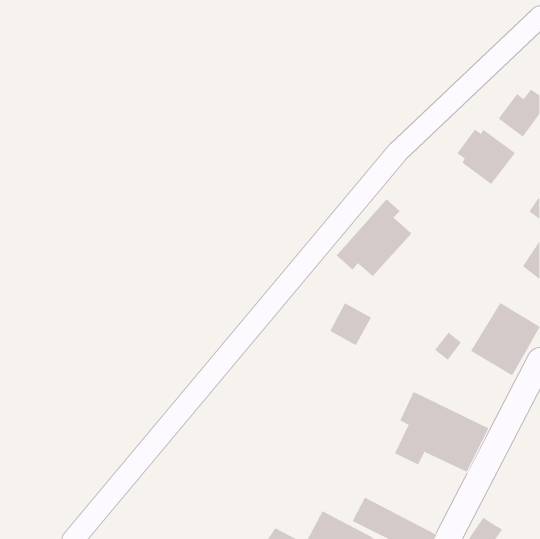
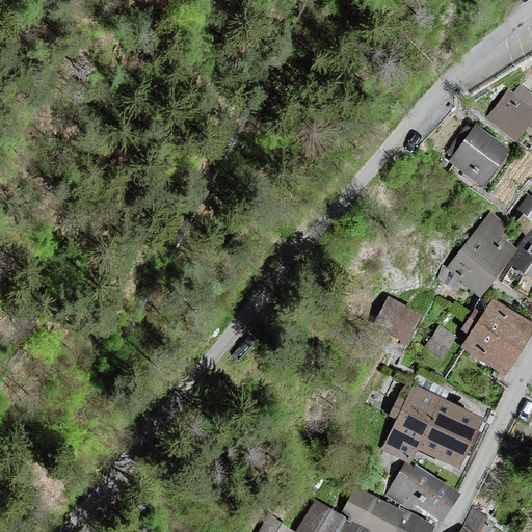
building: [336,199,412,277] -> [442,216,516,293]
building: [330,303,372,346] -> [377,299,419,342]
building: none -> [391,463,455,518]

